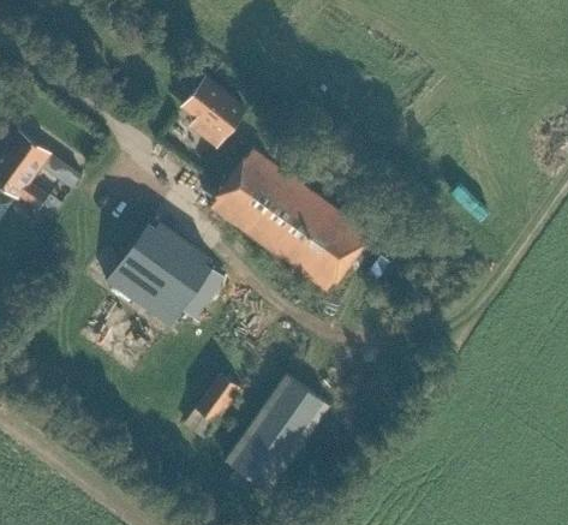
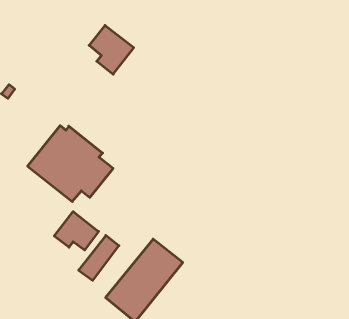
building: [213,149,370,291] -> none
building: none -> [54,212,99,250]

